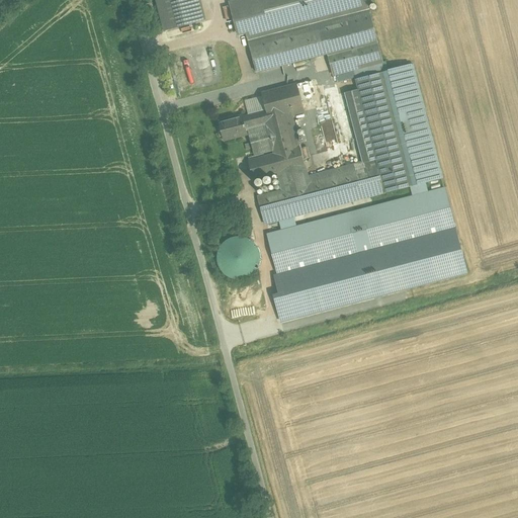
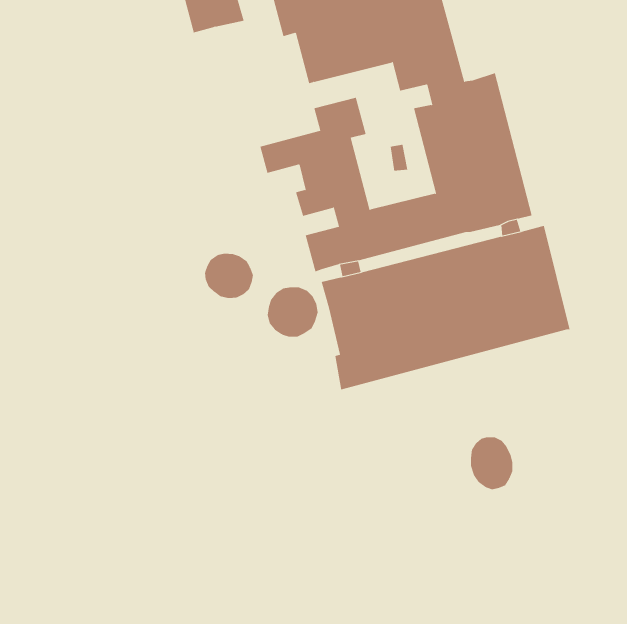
building: none -> [205,253,253,299]
building: none -> [470,436,513,490]

